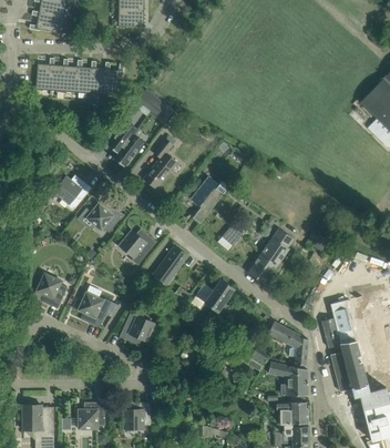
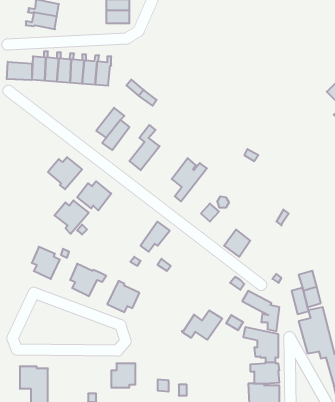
building: none -> [7,62,32,80]
building: [120,228,157,265] -> [54,200,89,234]
building: [261,228,294,266] -> none
building: [191,279,235,312] -> [182,311,222,340]
building: [79,401,105,428] -> none

